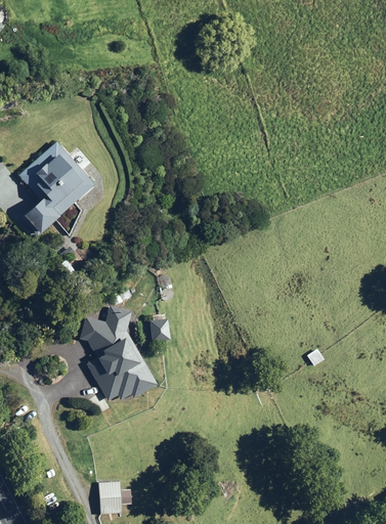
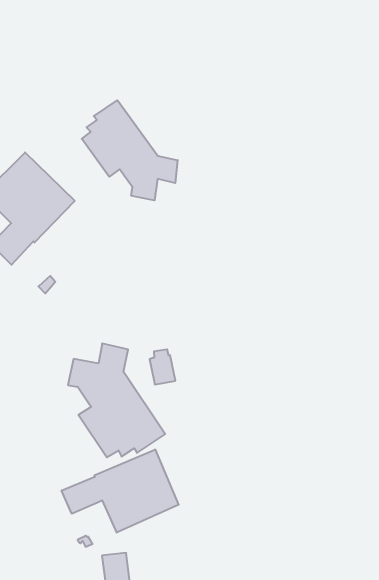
building: none -> [82,100,178,200]
building: none -> [62,449,179,533]

